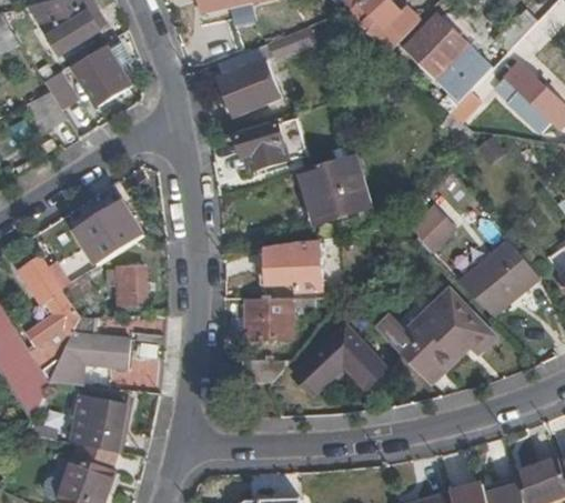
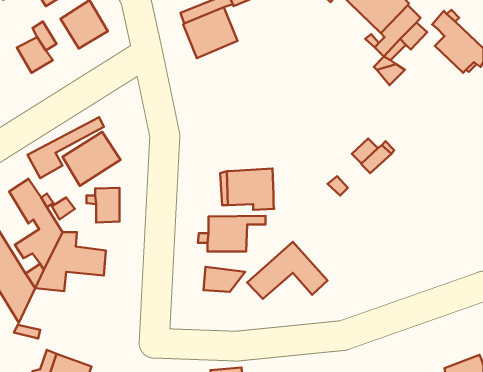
building: [236,123,289,171] -> none
building: [301,157,367,223] -> none
building: [455,239,541,312] -> none
building: [381,290,496,384] -> none
building: [71,392,129,452] -> none

